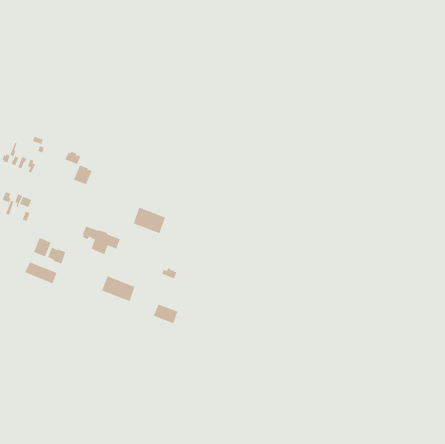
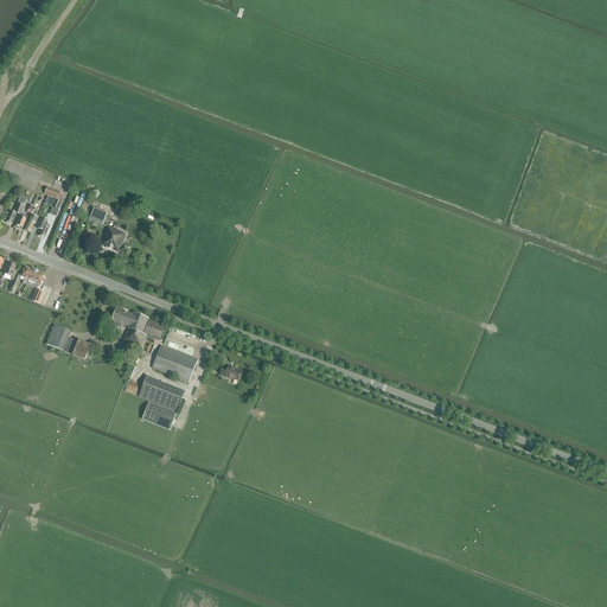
building: [133,207,166,234] -> [152,344,197,381]
building: [25,261,57,284] -> none
building: [153,304,178,324] -> [141,401,175,428]

